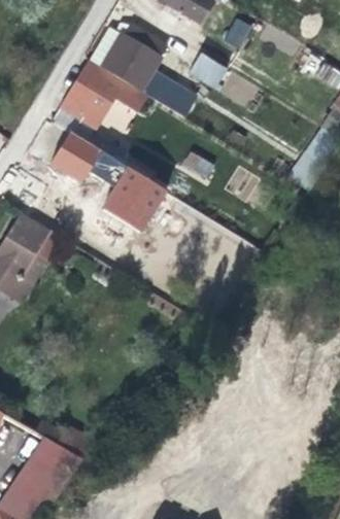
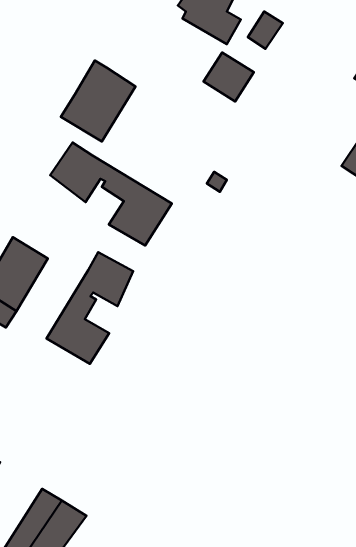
building: [99,31,177,106] -> none
building: none -> [46,252,133,364]

